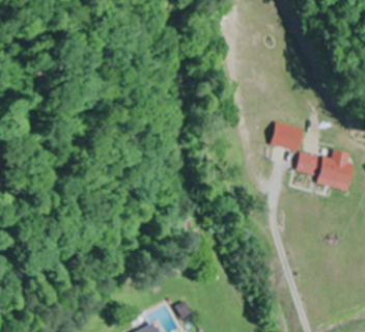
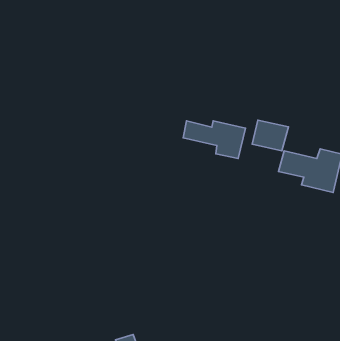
building: none -> [183,121,246,159]

